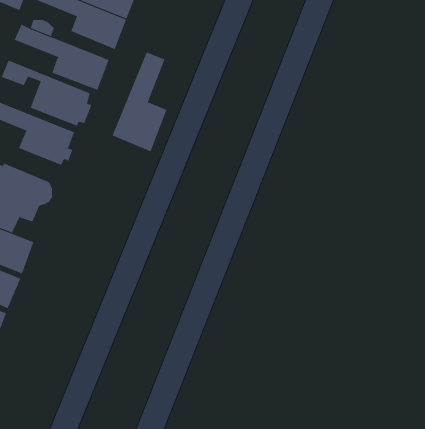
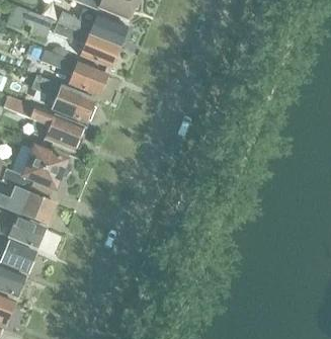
building: [112,52,167,152] -> none

